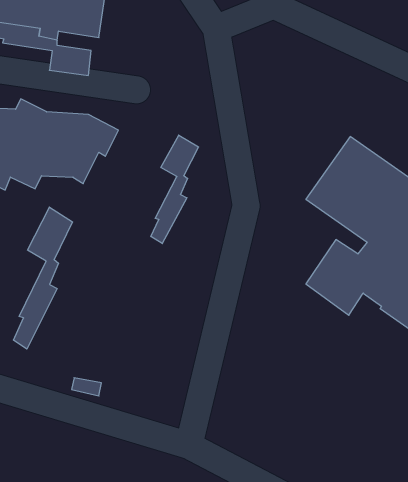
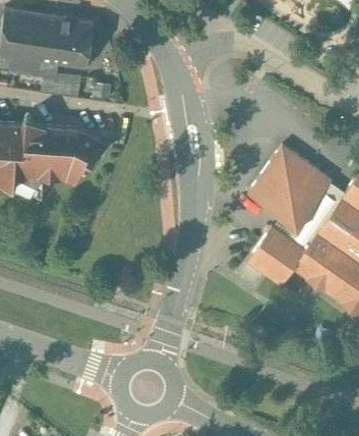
building: [151,135,199,244] -> none
building: [14,207,72,349] -> none

